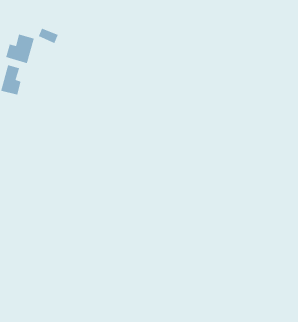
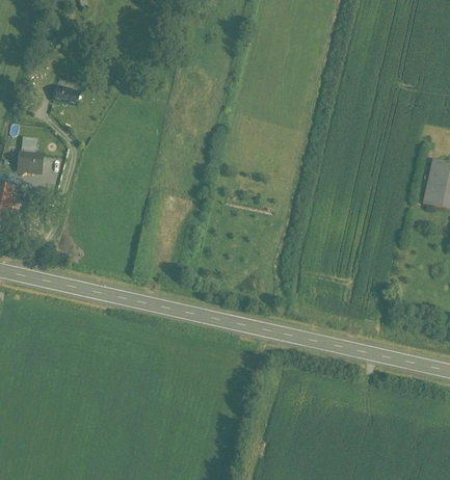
building: [5,34,35,64] -> none

